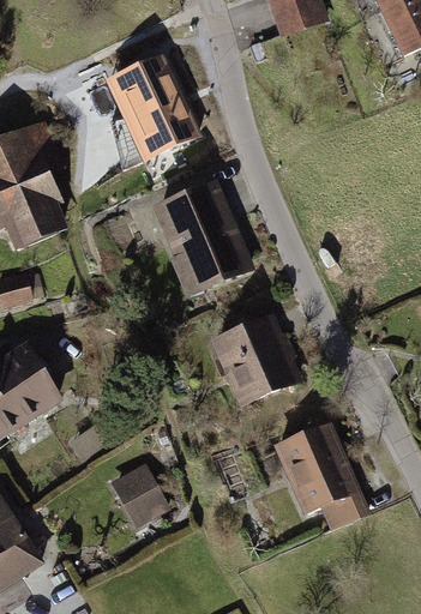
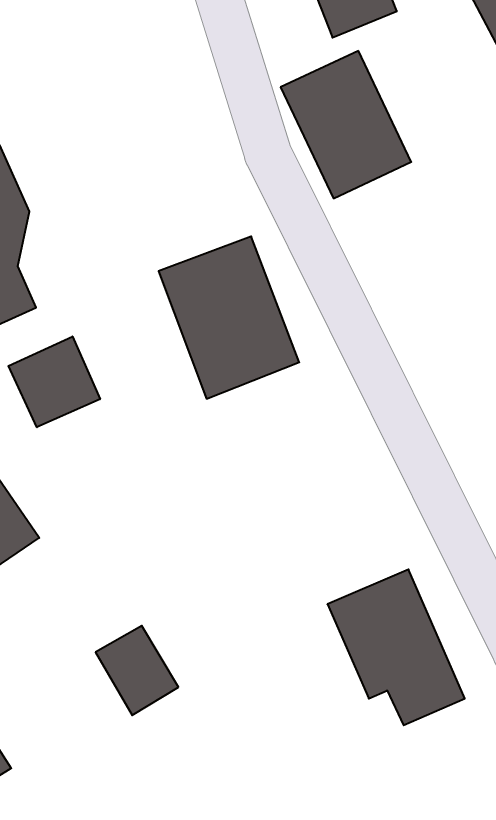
building: [98,55,193,162] -> [281,51,411,198]
building: none -> [8,336,100,427]
building: [216,315,303,409] -> none

